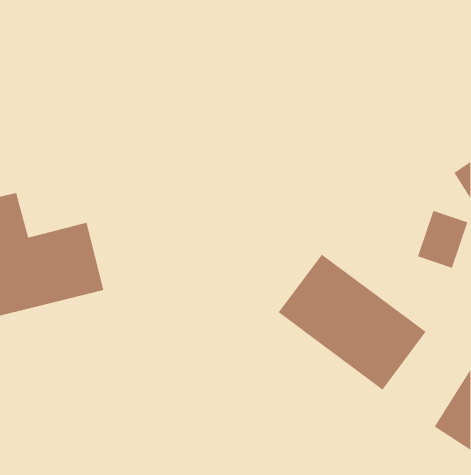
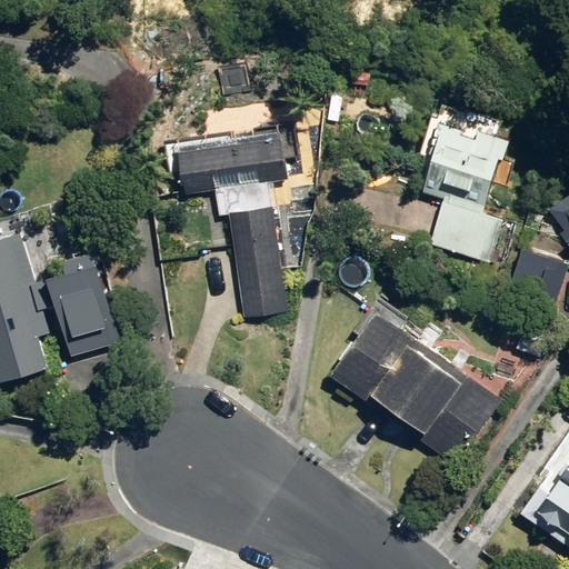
building: none -> [417,122,509,262]
building: none -> [184,129,290,315]

